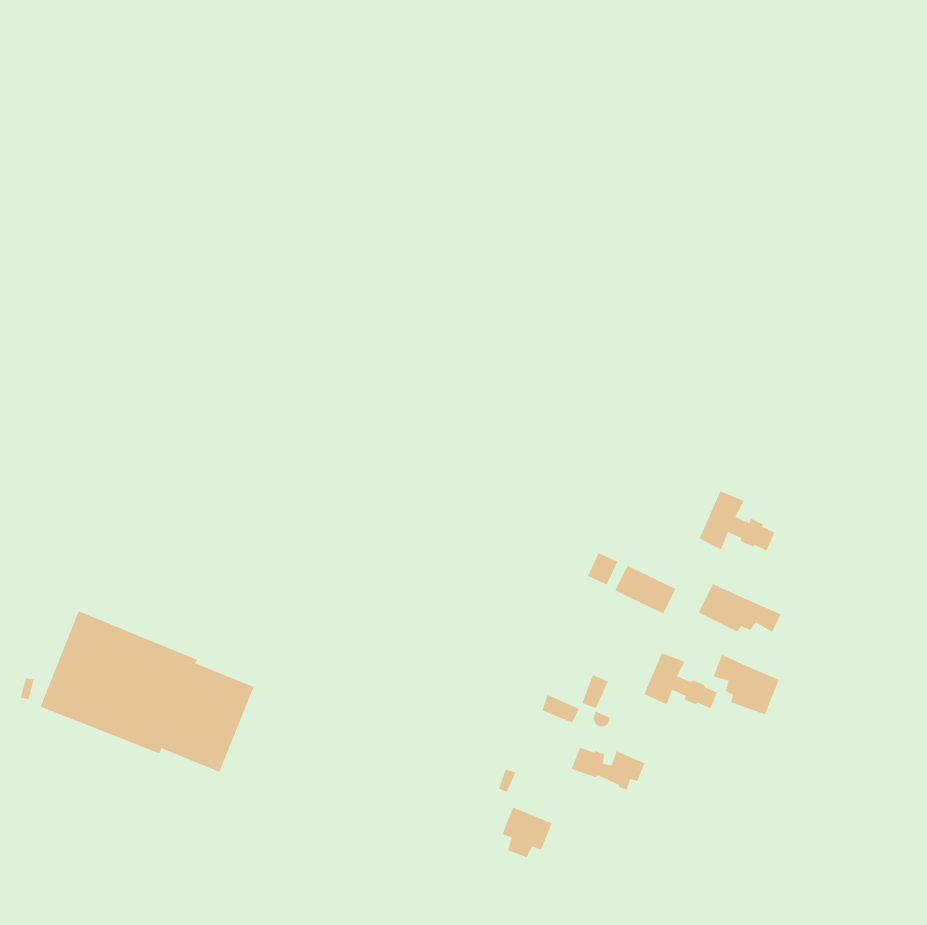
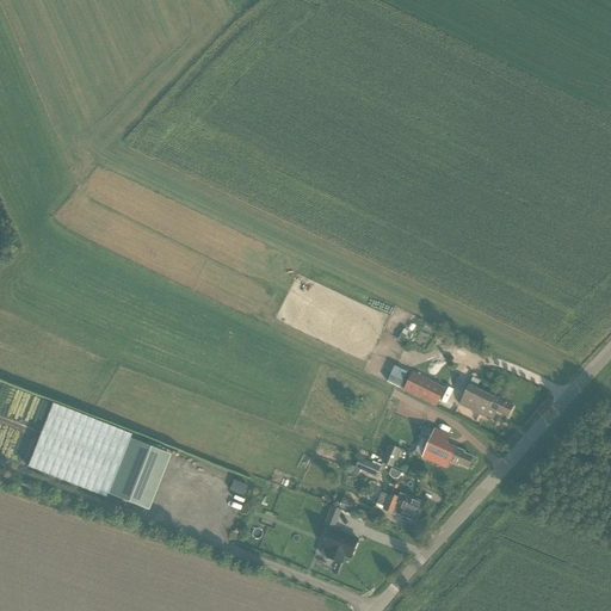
building: [699,491,775,551] -> none
building: [713,654,780,715] -> none

